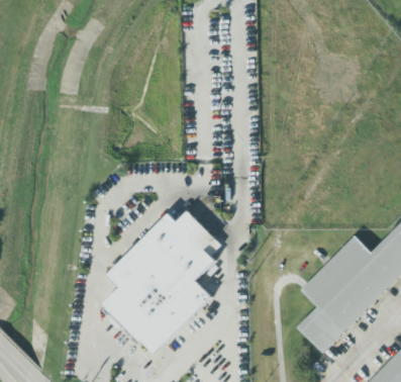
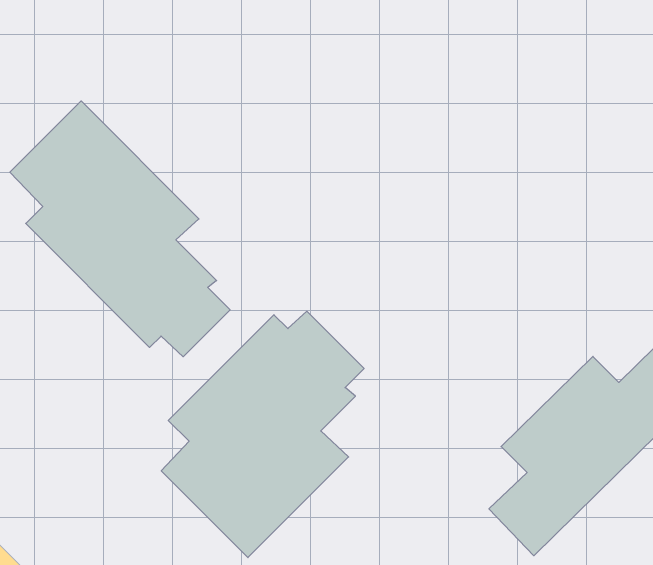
building: none -> [10,101,230,357]

